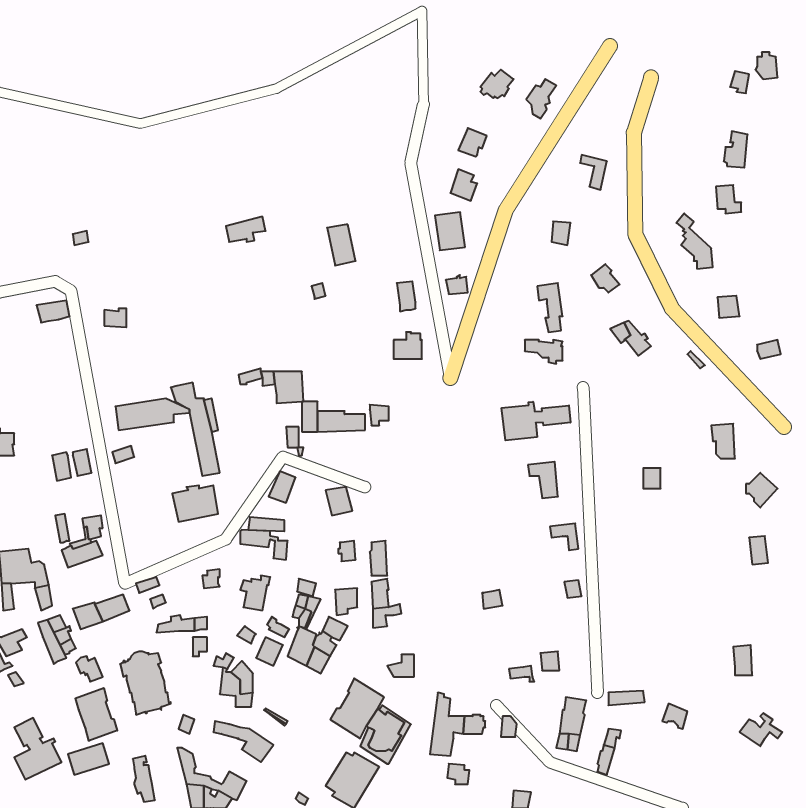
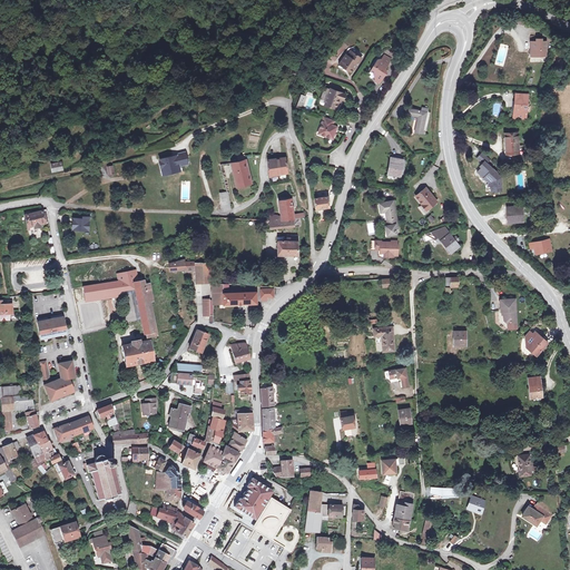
building: [435,212,465,250] -> [267,156,288,183]
building: [502,402,570,440] -> none
building: [75,688,117,741] -> none

